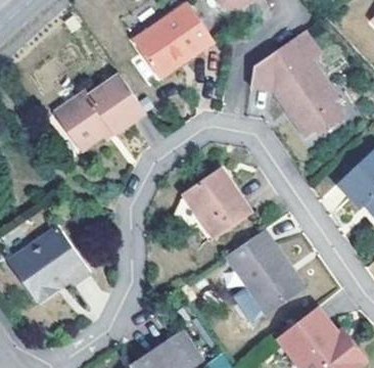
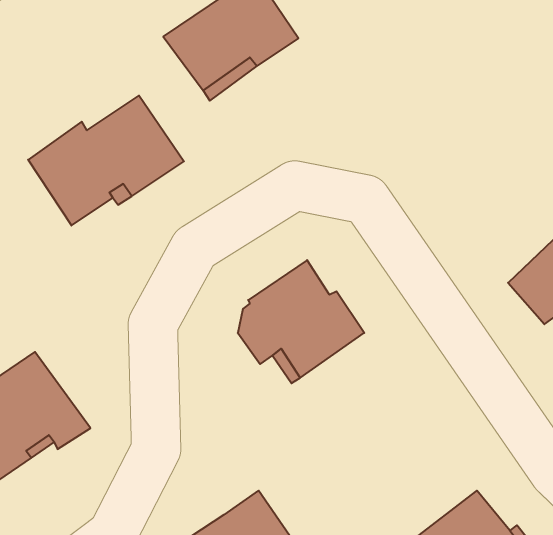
building: [250,38,345,139] -> none
building: [226,231,305,317] -> none

